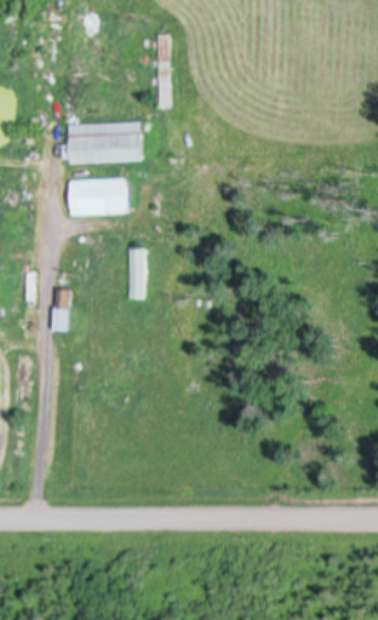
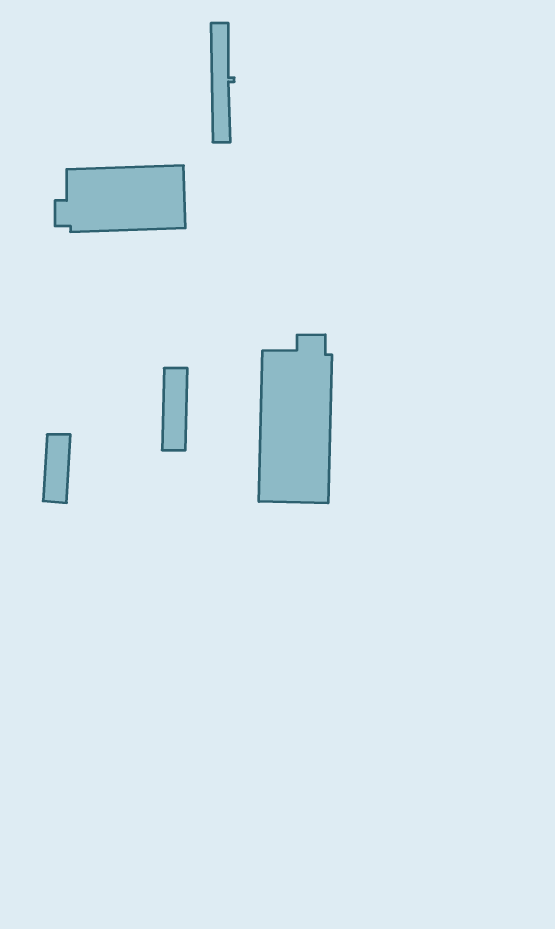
building: [69,179,127,216] -> none
building: none -> [259,335,332,503]

